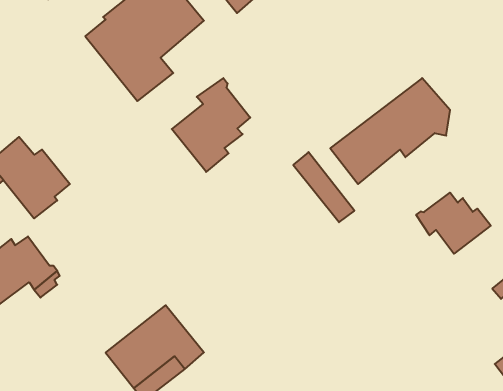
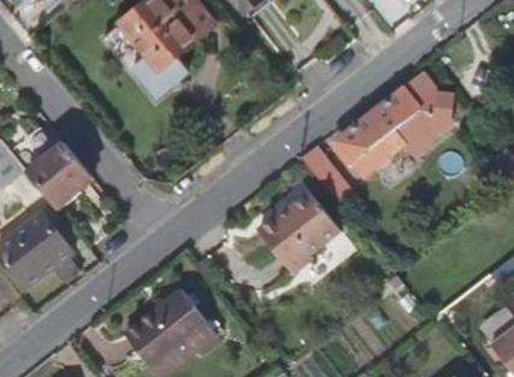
building: [172,78,250,172] -> none
building: [416,193,491,254] -> none
building: none -> [258,190,339,271]

